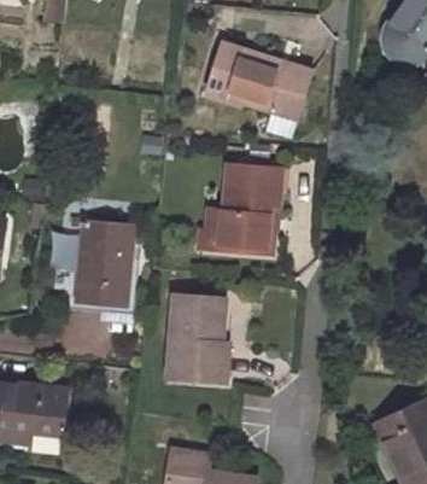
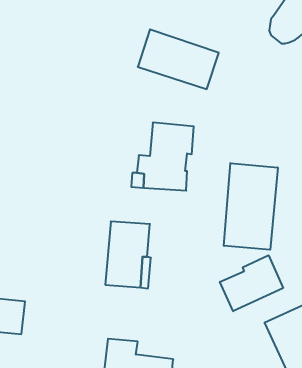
building: none -> [224,163,278,250]
building: [66,227,131,310] -> none
building: none -> [220,255,283,311]

